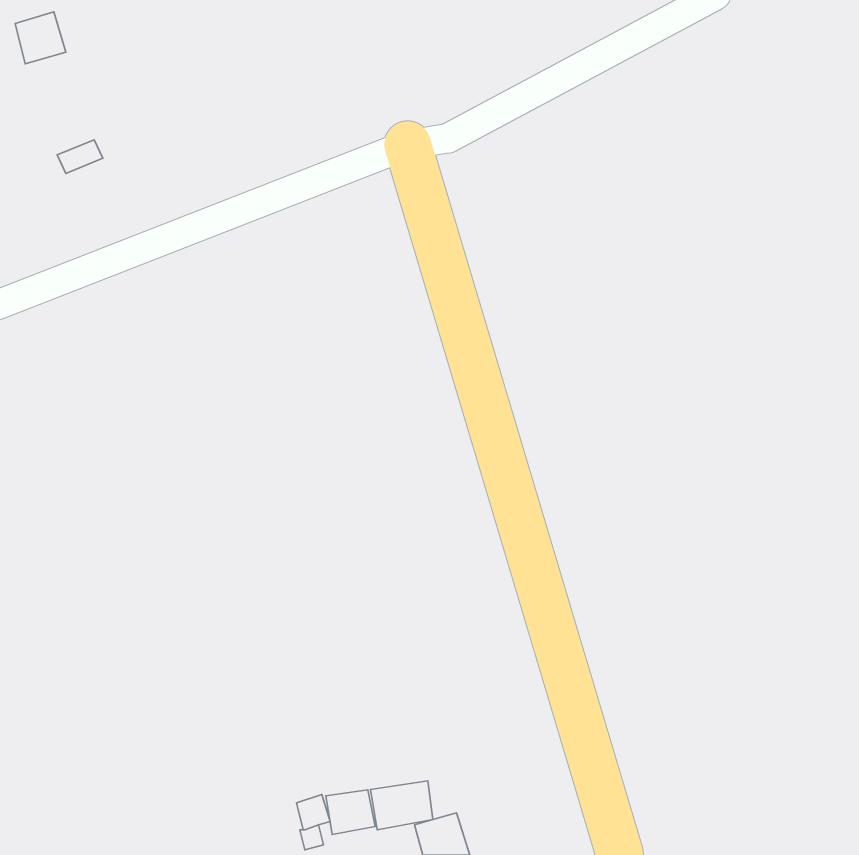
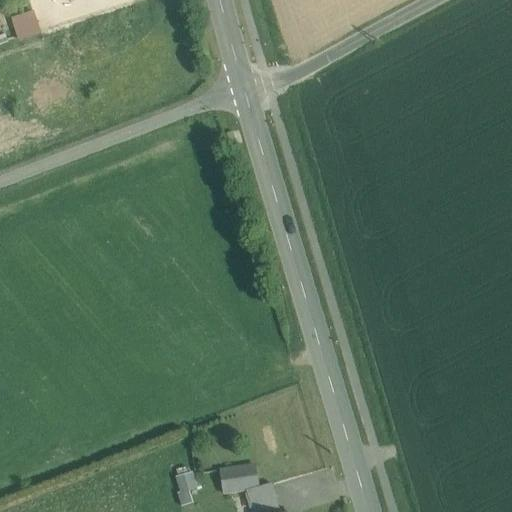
building: [326,790,375,835] -> none

